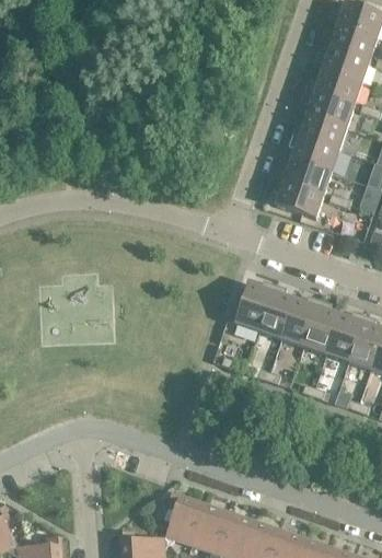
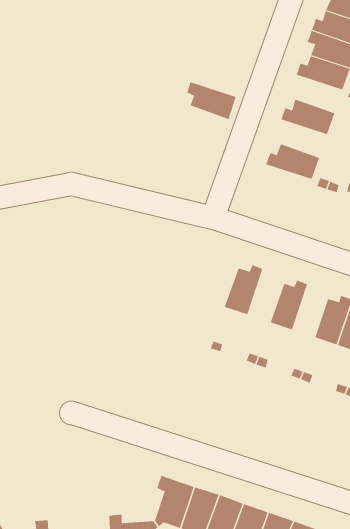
building: [302,91,354,129] -> none
building: [288,136,338,174] -> [186,82,237,120]
building: [273,181,323,220] -> none
building: [258,286,294,339] -> none
building: [303,301,338,354] -> none

